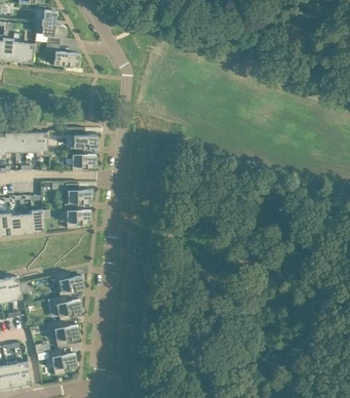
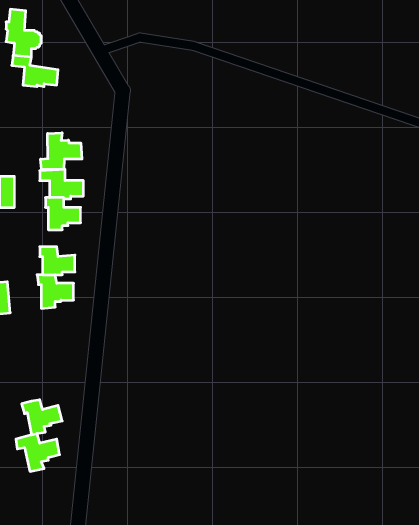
building: none -> [41,133,82,169]
building: [51,271,83,295] -> none
building: [47,349,76,374] -> none

